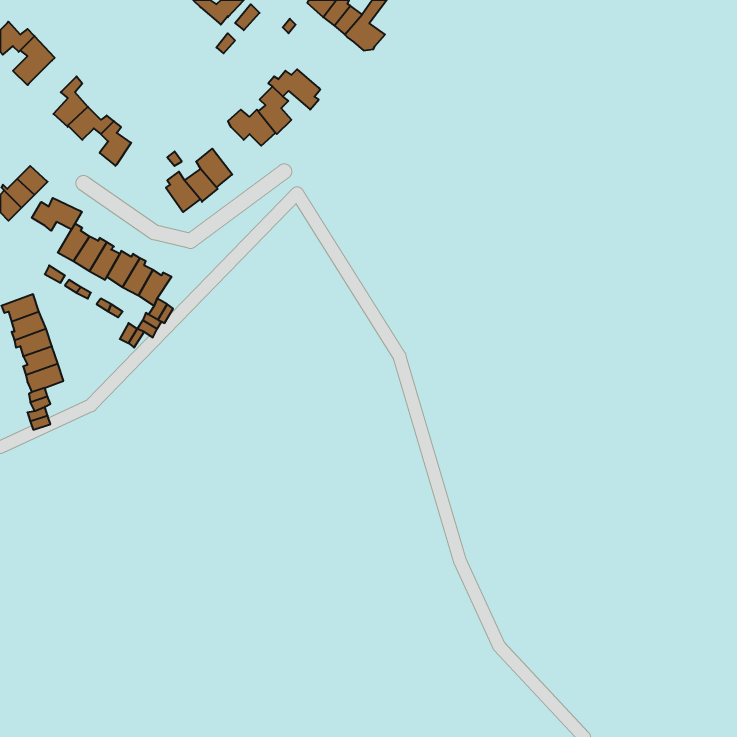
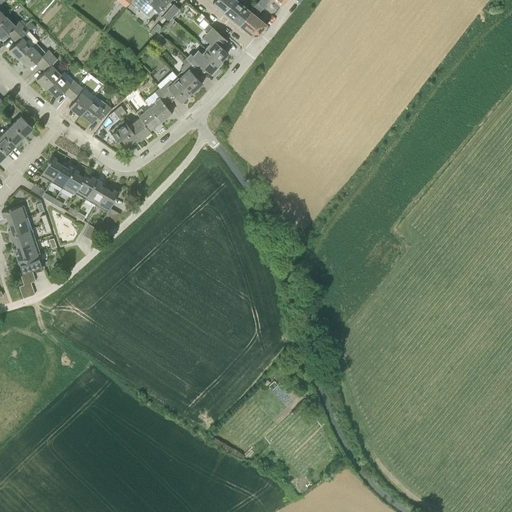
building: none -> [203,24,229,61]
building: none -> [20,42,53,68]
building: none -> [150,88,172,121]
building: none -> [81,95,112,122]
building: [32,198,82,231] -> none

